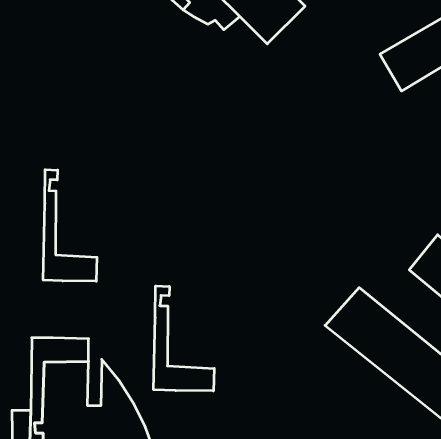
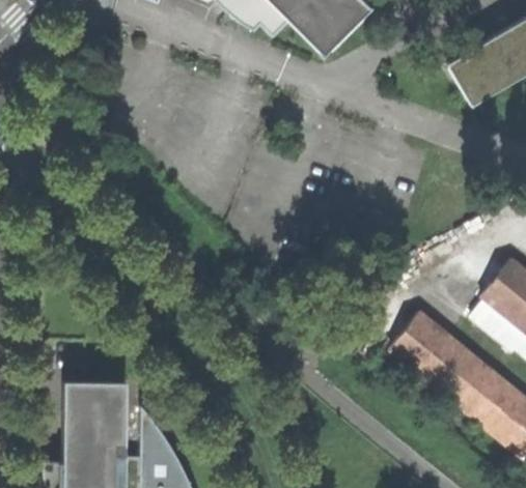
building: [43,170,97,281] -> none
building: [154,286,214,391] -> none

